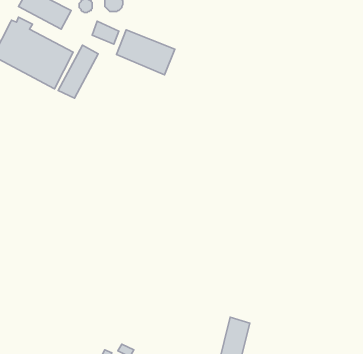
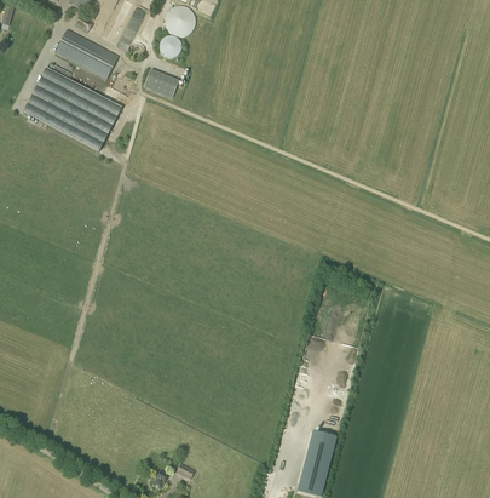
building: [117,30,175,75] -> none
building: [58,45,98,98] -> none

